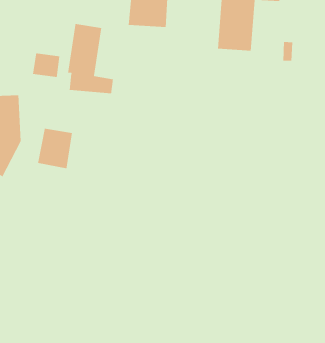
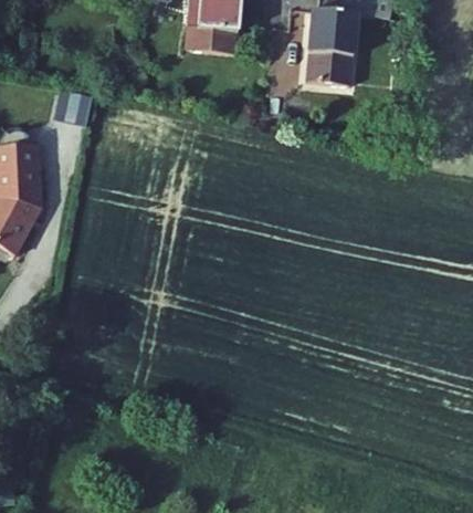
building: [68,23,114,94] -> none
building: [38,128,73,169] -> none

